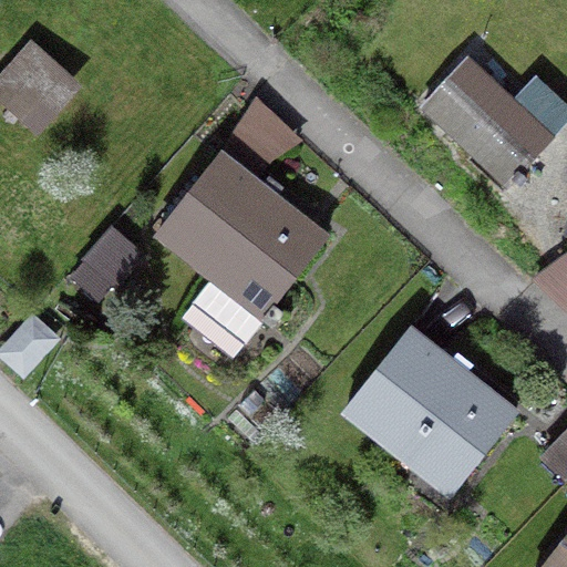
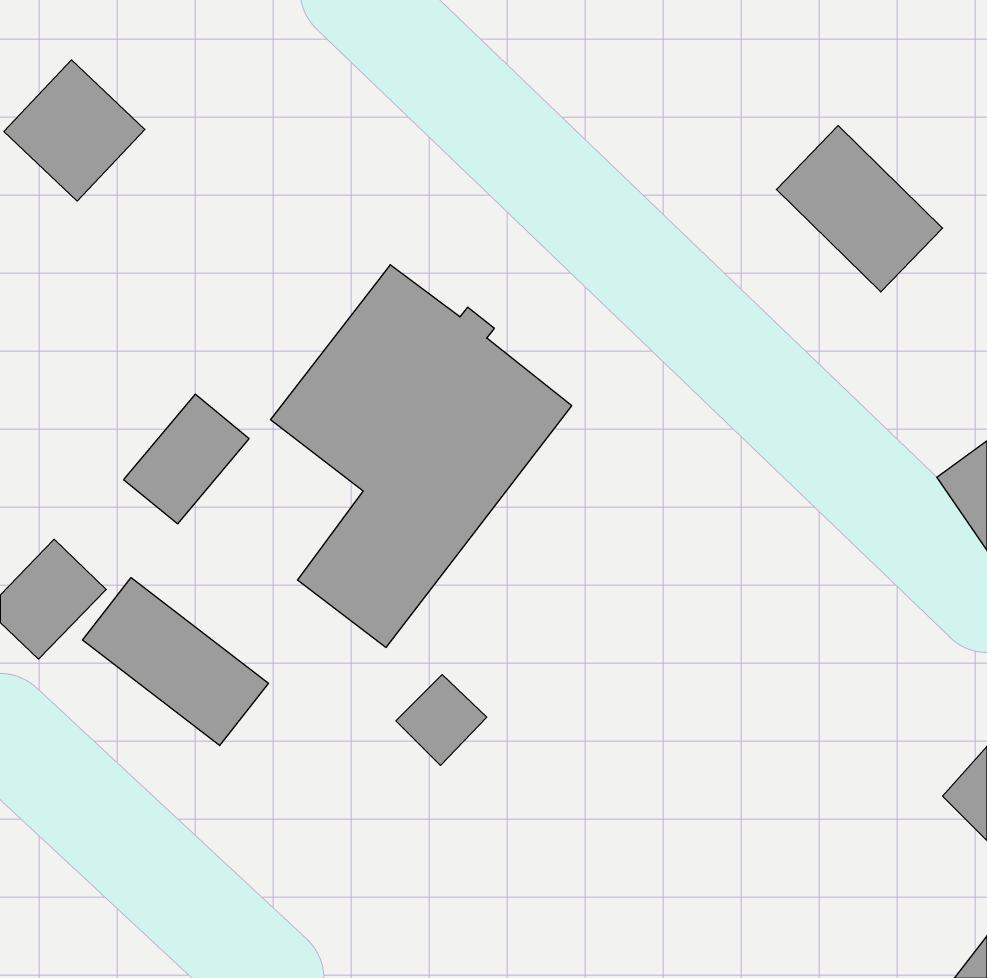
building: [340,324,519,502] -> none
building: none -> [82,578,268,746]

